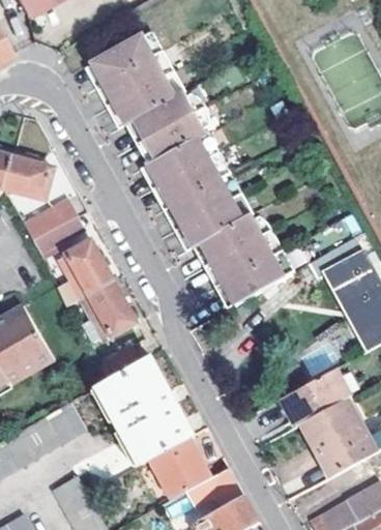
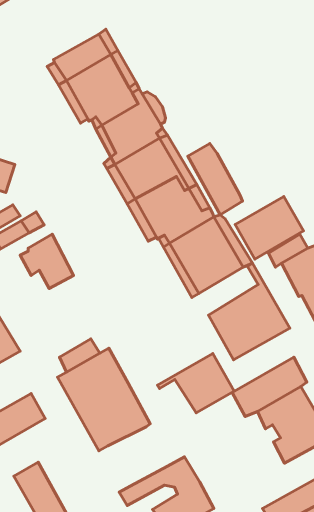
building: none -> [188,143,243,215]
building: none -> [235,196,304,259]
building: none -> [208,263,290,360]
building: [80,284,137,345] -> none
building: none -> [157,354,234,413]
building: [148,439,209,500] -> none

